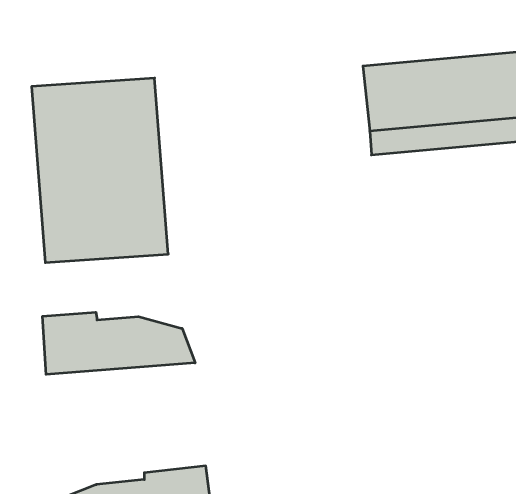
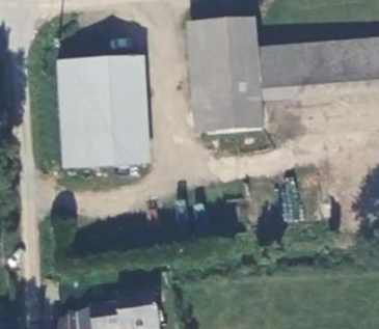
building: none -> [197,19,261,131]
building: [43,312,195,374] -> none

